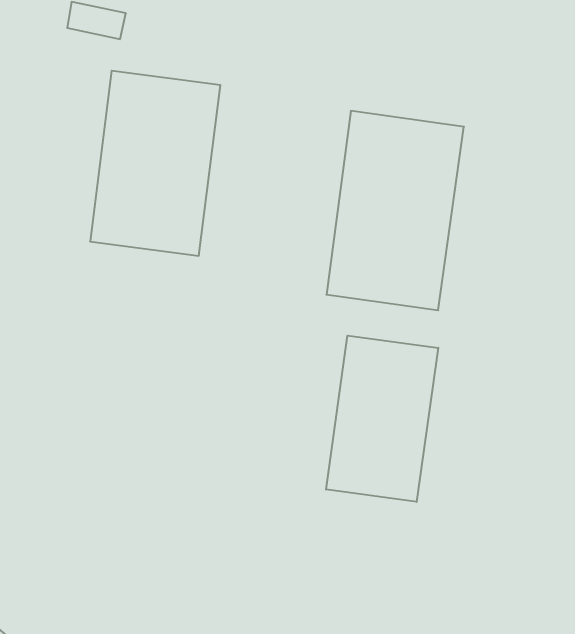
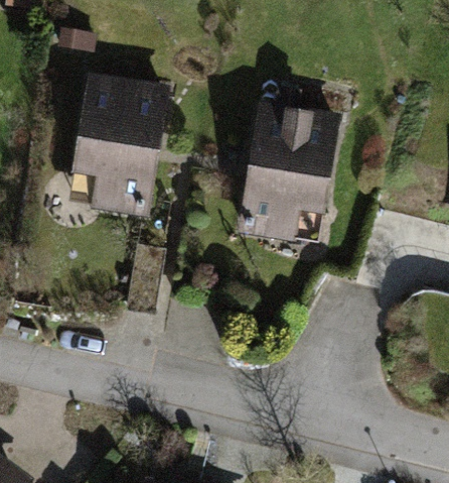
building: [326,336,438,502] -> none

